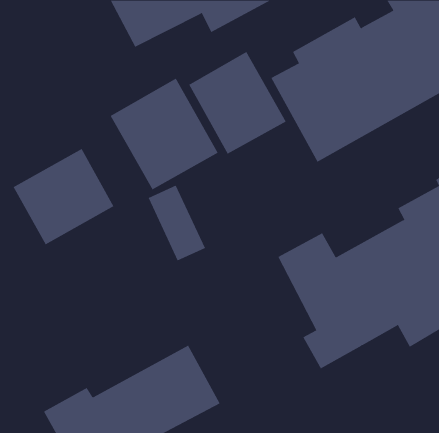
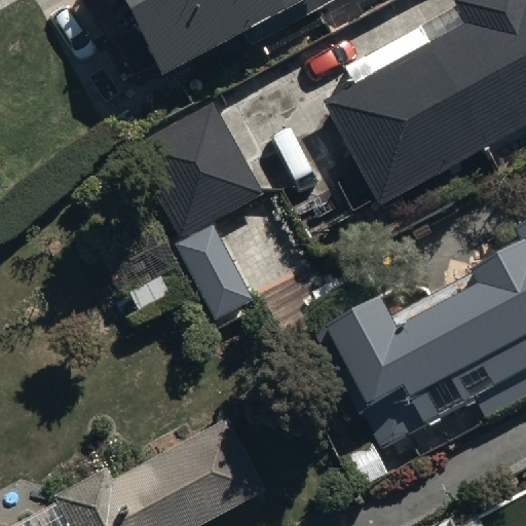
building: [188,51,286,154] -> none
building: [13,148,114,245] -> none

